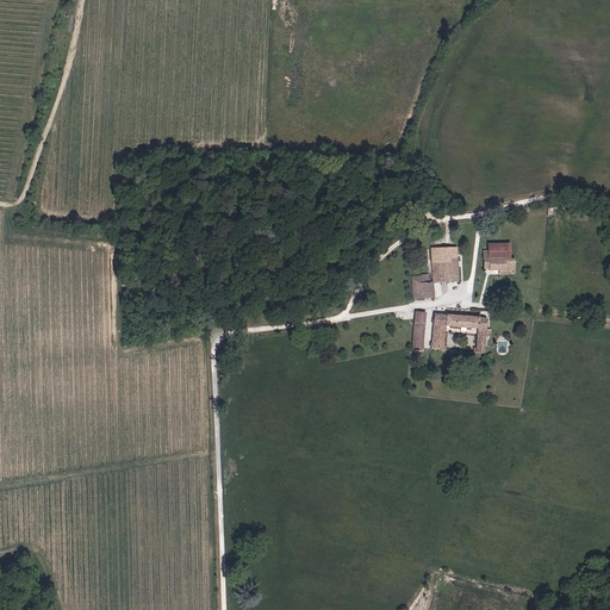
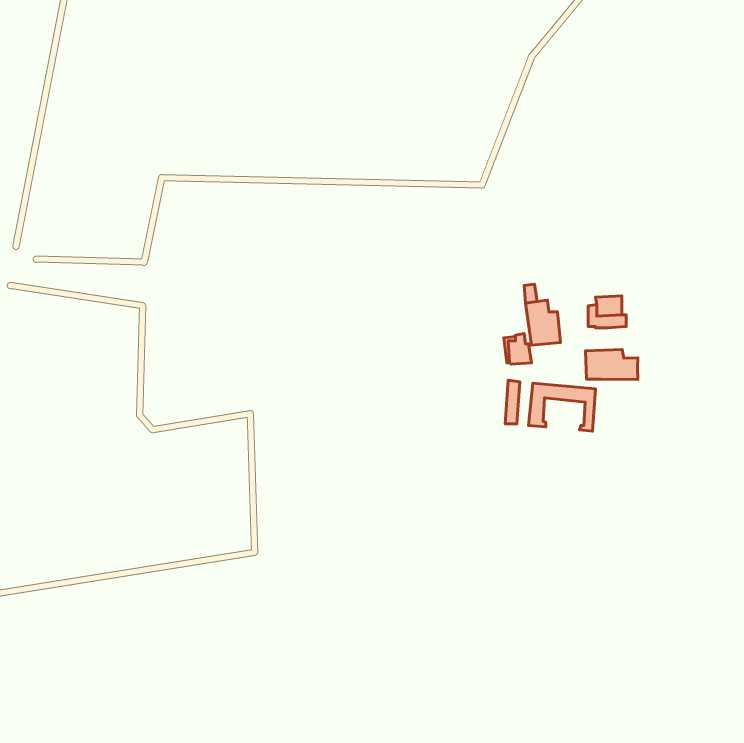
building: none -> [585,350,638,379]

